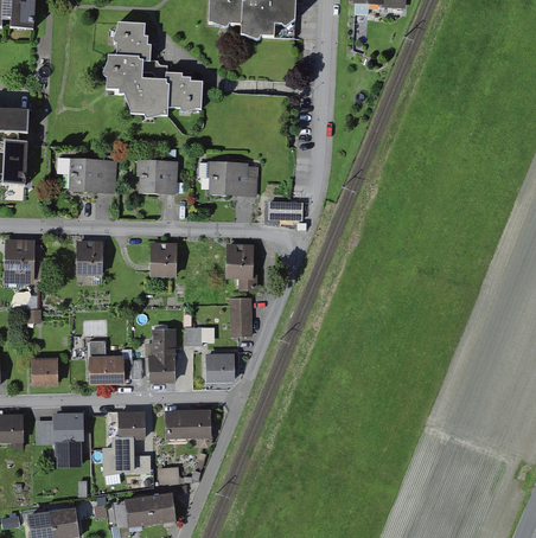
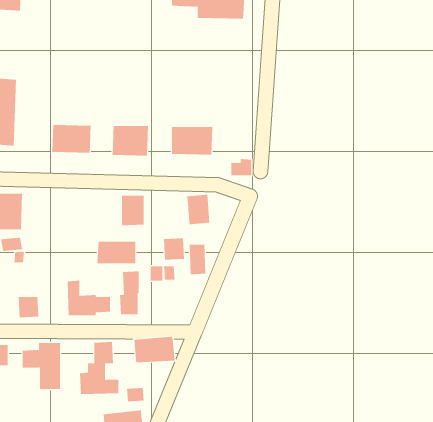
building: [107,24,202,116] -> none
building: [76,242,103,277] -> none
building: none -> [97,241,136,264]
building: [205,356,230,382] -> [163,238,185,260]

